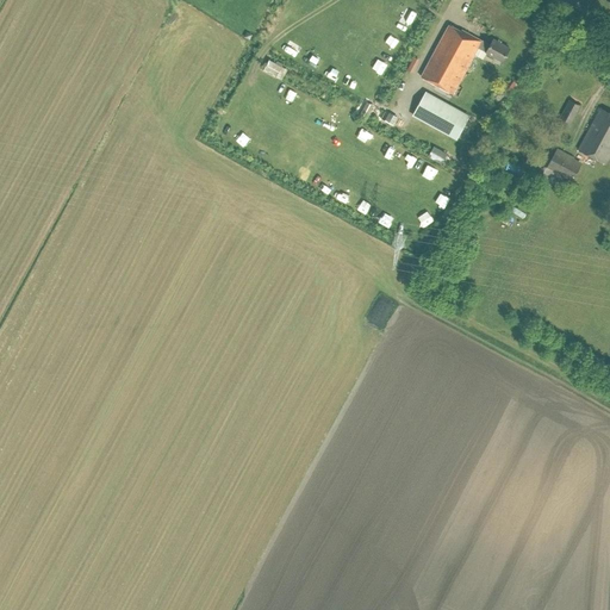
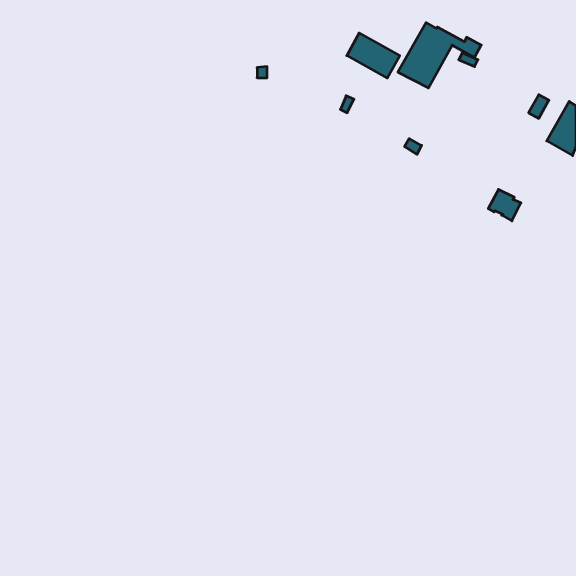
building: [412,91,468,138] -> [347,33,400,78]
building: [547,149,581,182] -> [488,189,521,221]

